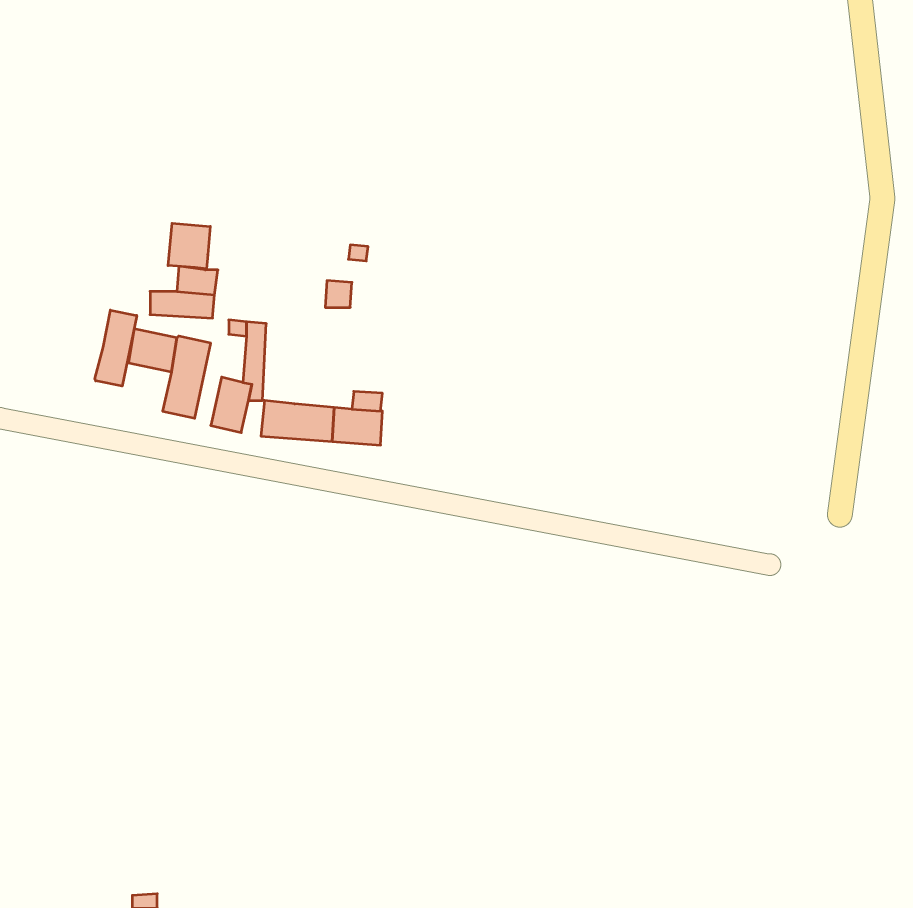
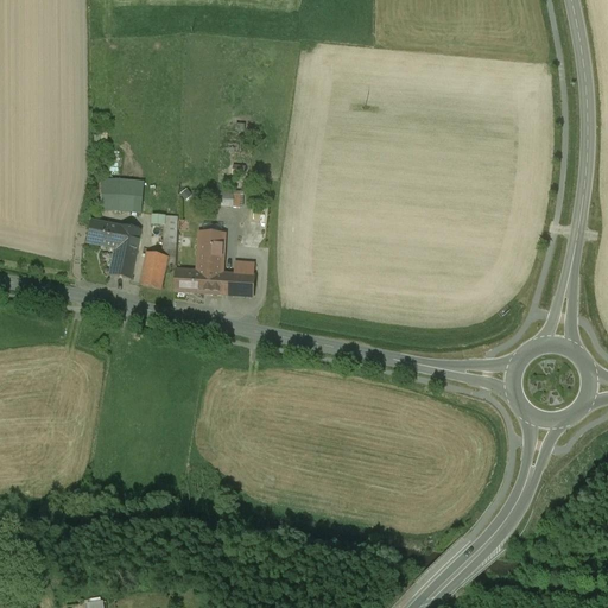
building: [168,223,210,269] -> none
building: [95,310,137,386] -> none
building: none -> [196,229,226,271]

